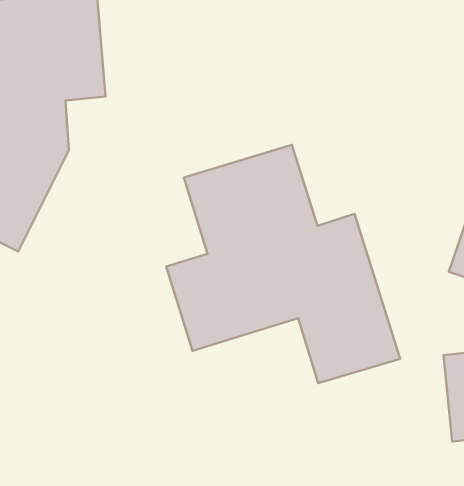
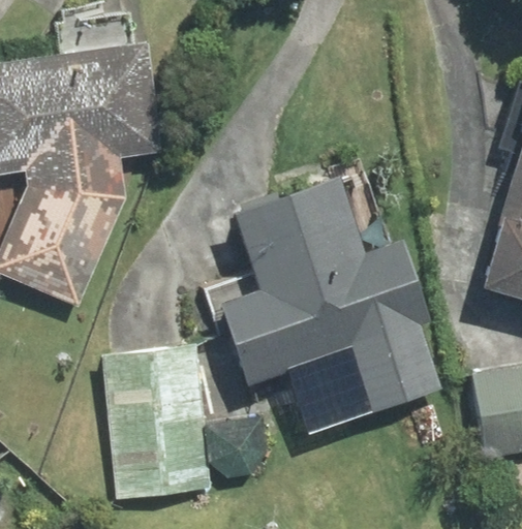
building: none -> [112,347,209,497]

